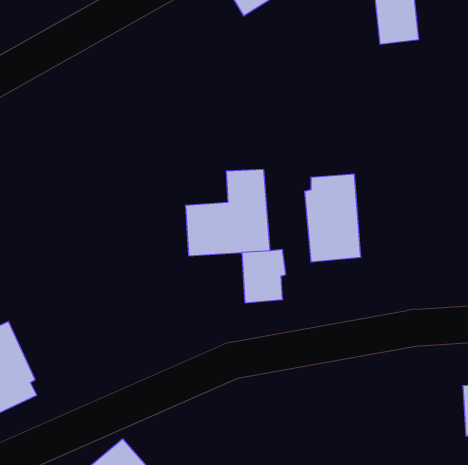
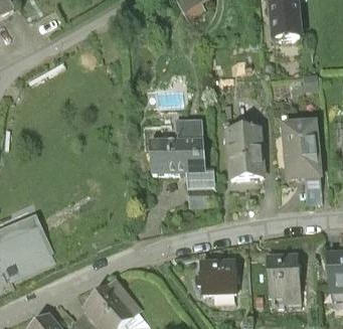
building: none -> [282,119,320,174]
building: none -> [267,254,301,292]
building: none -> [201,260,235,290]

